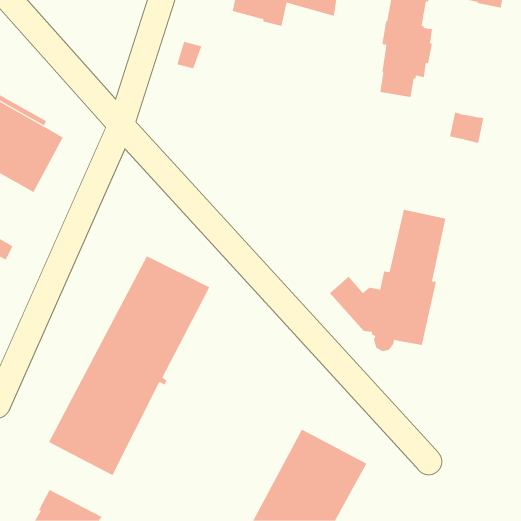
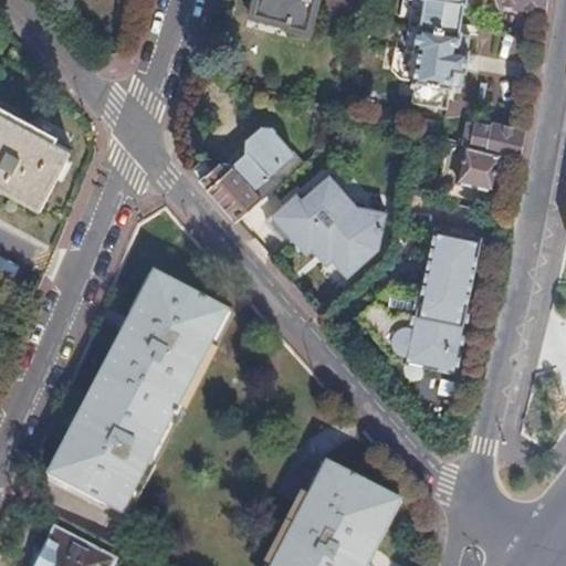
building: none -> [188,123,301,219]
building: none -> [454,142,499,187]
building: none -> [264,175,384,274]

